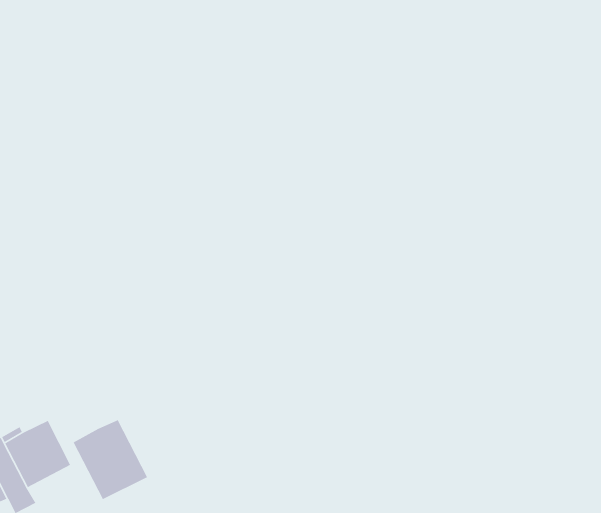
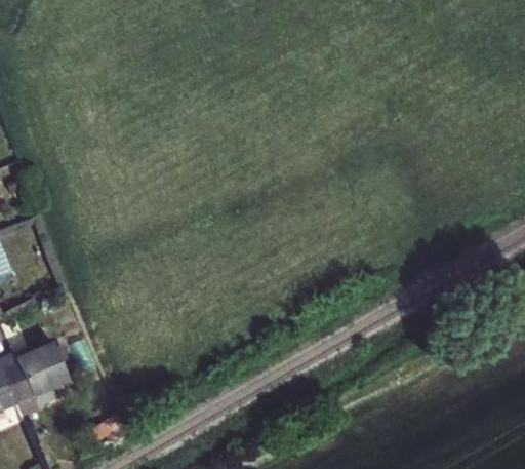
building: [73,419,148,500] -> none

